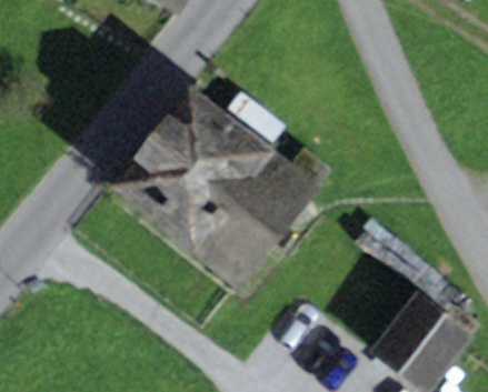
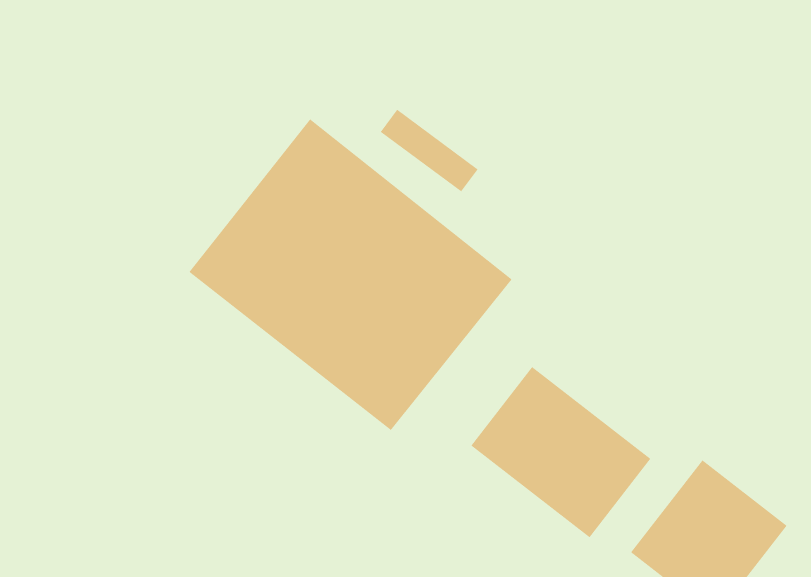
building: none -> [470,366,651,538]

